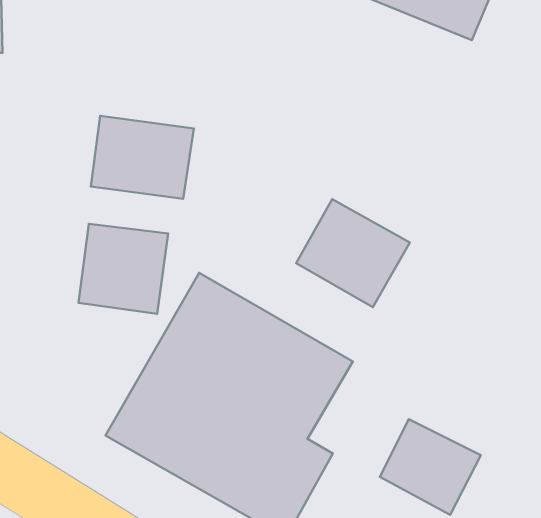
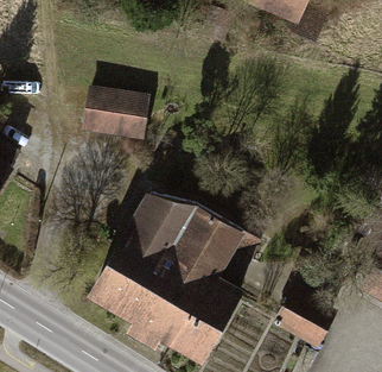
building: [296,199,410,307] -> none
building: [79,224,168,314] -> none

